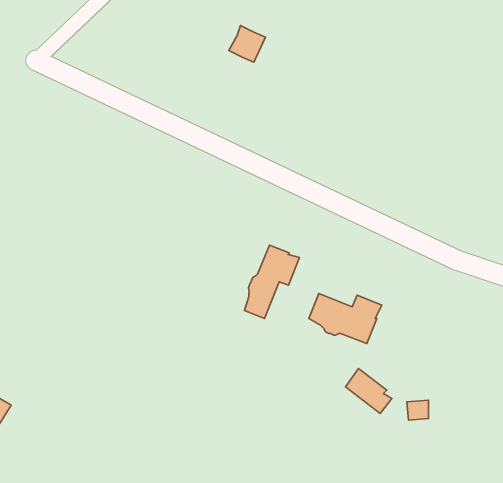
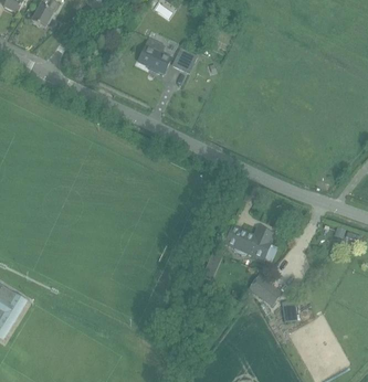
building: none -> [137,38,170,73]
building: [245,245,300,319] -> none

